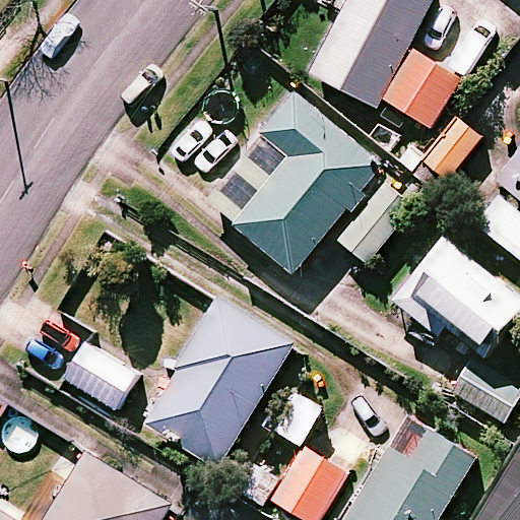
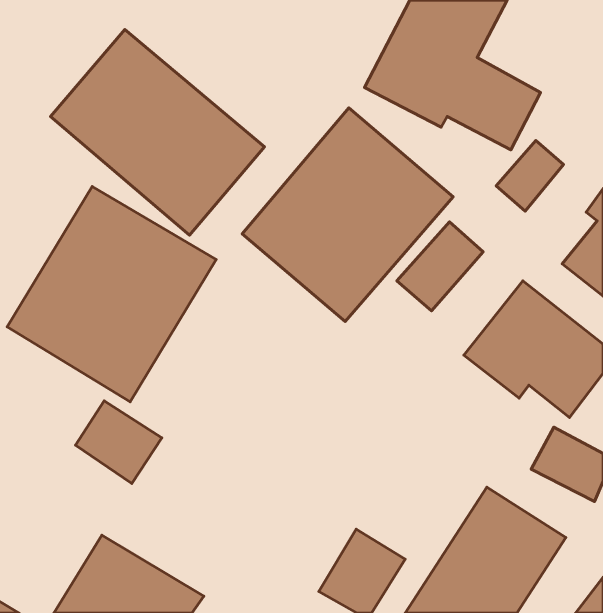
building: none -> [50,29,265,235]
building: none -> [7,186,216,402]
building: [144,295,295,465] -> none

